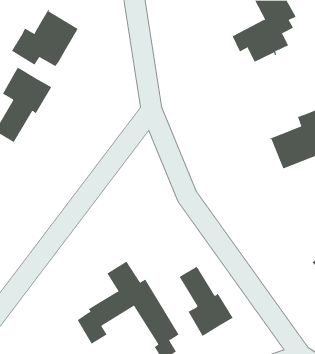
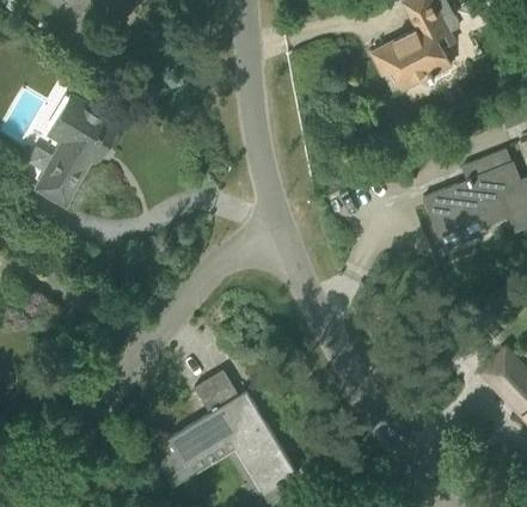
building: [11,9,79,67] -> none
building: [179,266,233,337] -> none

